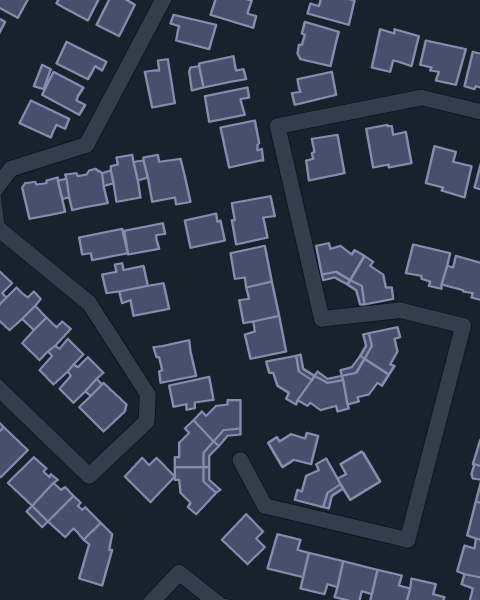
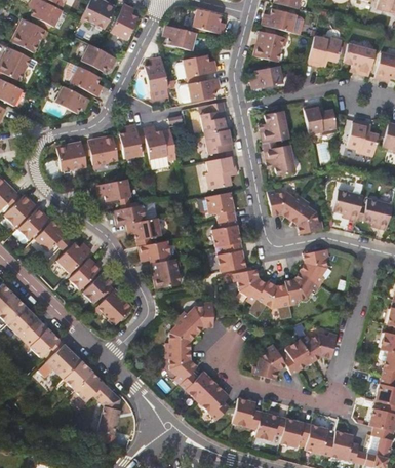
building: none -> [264,145,295,177]
building: [185,213,225,248] -> [205,129,234,154]
building: [124,223,165,255] -> none
building: [169,377,214,410] -> [140,240,171,264]
building: [268,433,318,467] -> [302,333,338,357]
building: [125,458,175,502] -> [182,371,218,402]

